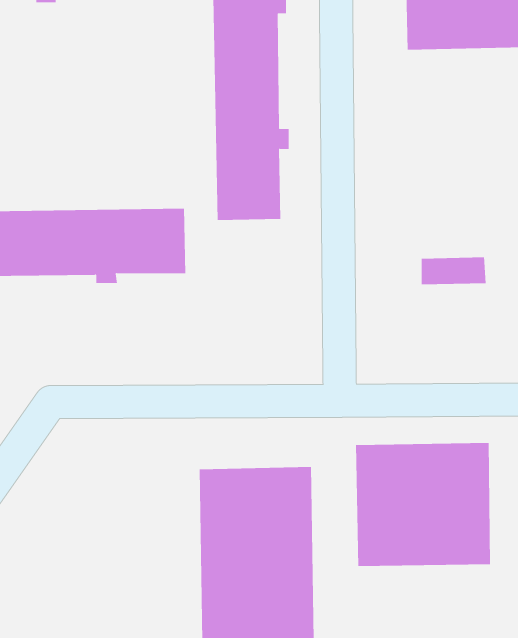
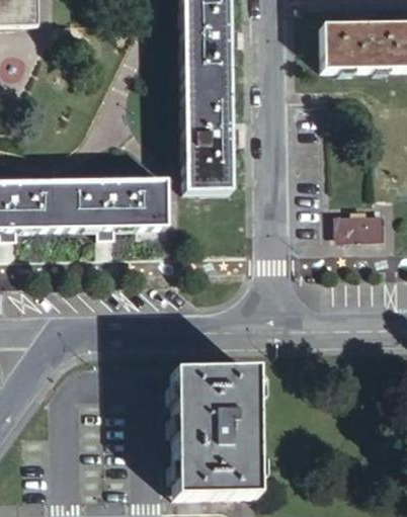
building: [356,442,490,567] -> none

